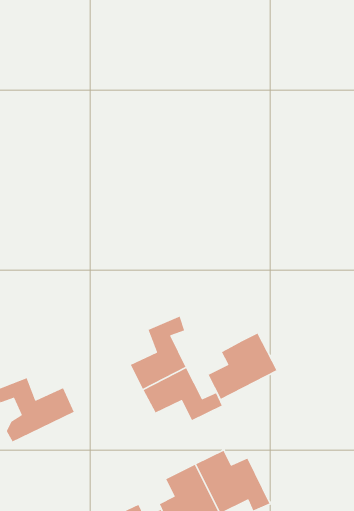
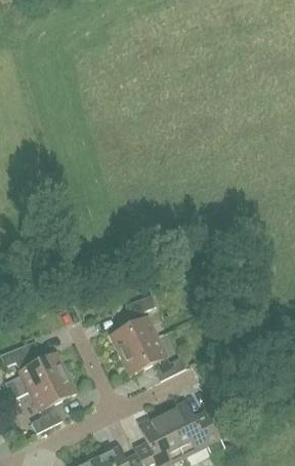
building: [207,333,277,400] -> none
building: none -> [29,373,75,432]

